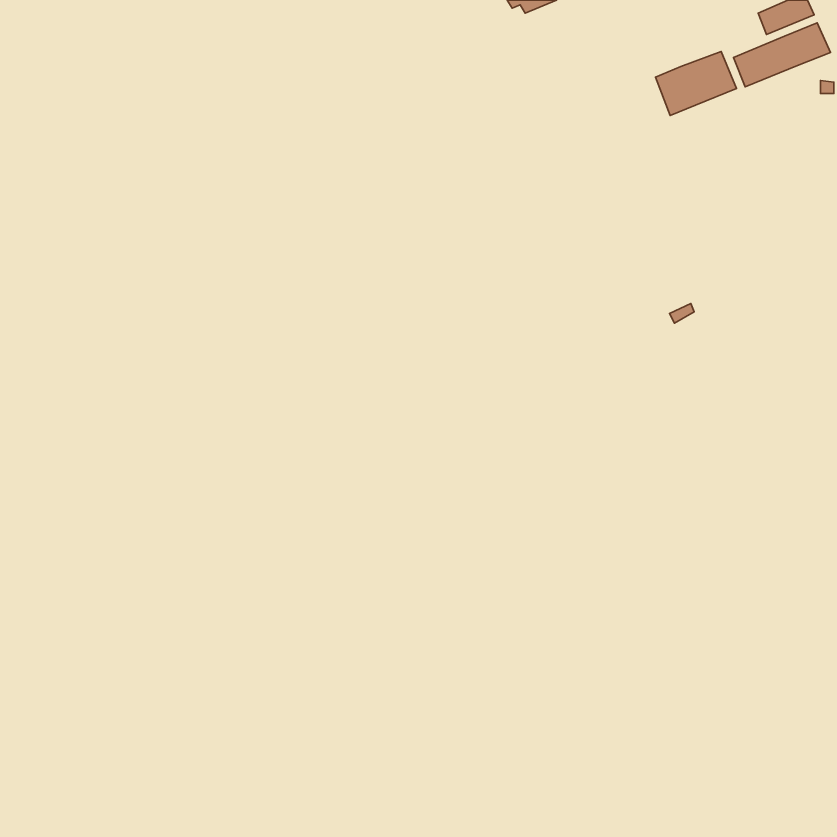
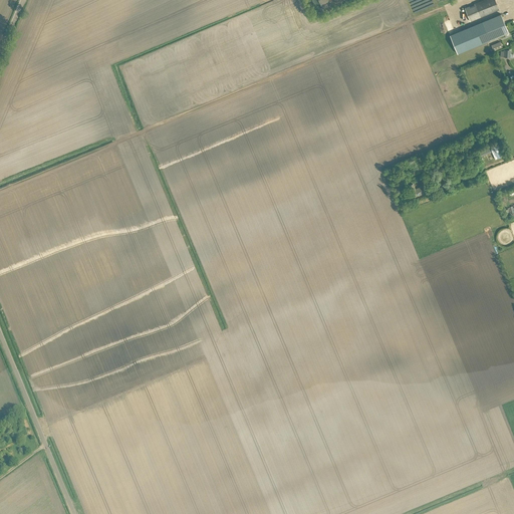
building: [655,51,736,115] -> none

